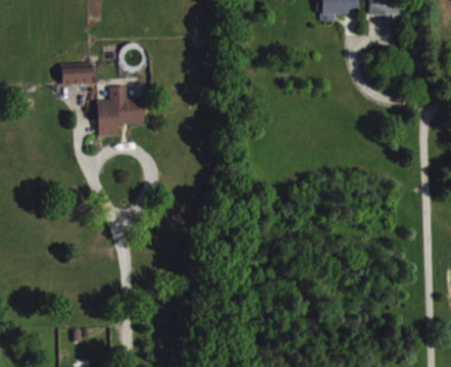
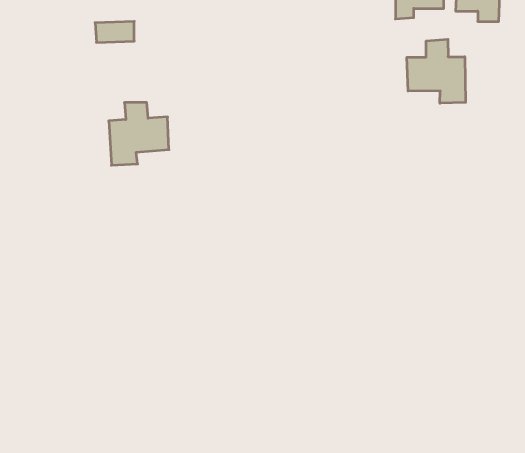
building: none -> [407,39,466,103]
building: [61,67,92,84] -> [95,21,134,42]

